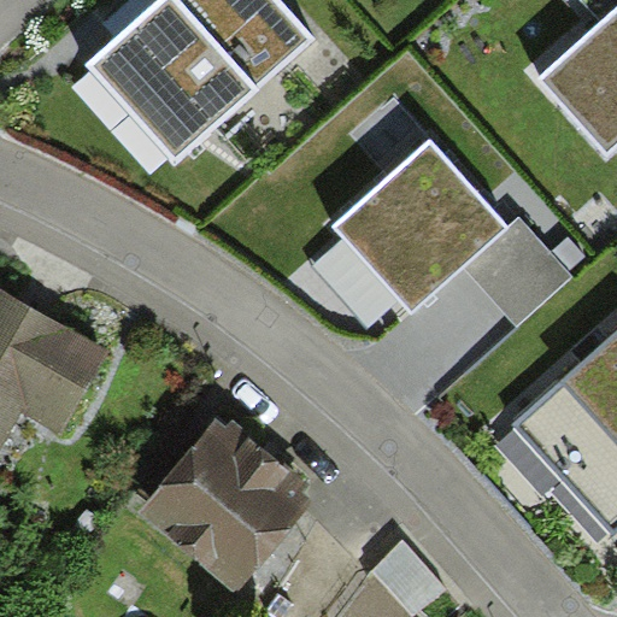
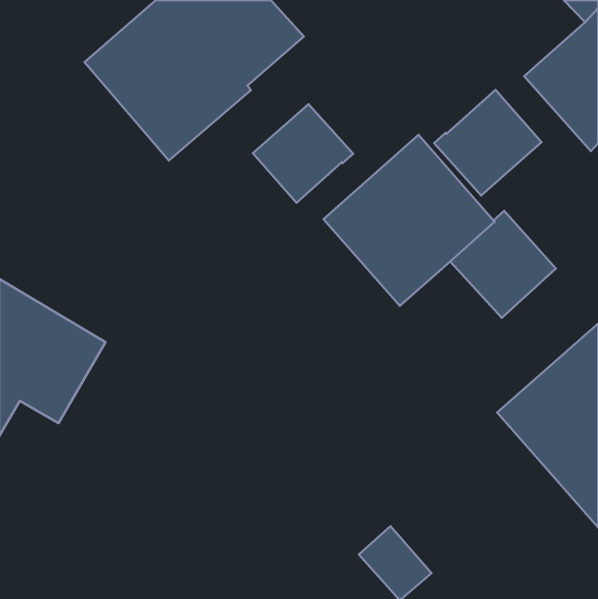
building: none -> [434,90,542,195]
building: none -> [253,104,353,203]
building: [137,418,312,594] -> none

